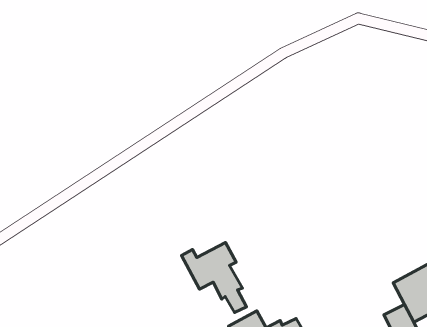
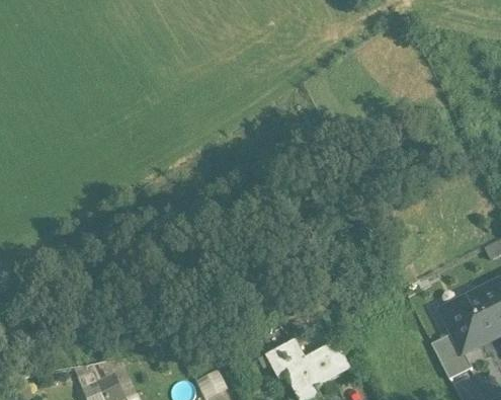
building: [182,243,246,313] -> none

